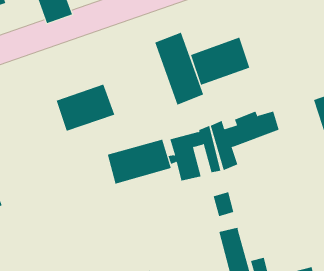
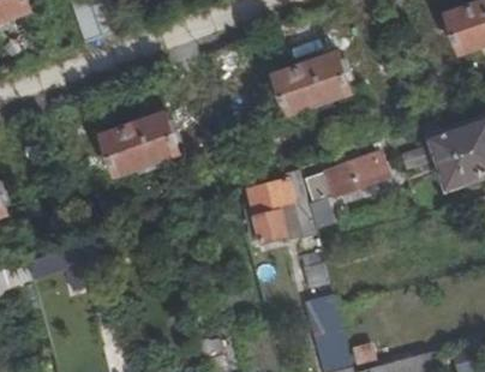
building: [155,32,204,105] -> none
building: [107,139,171,184] -> none

